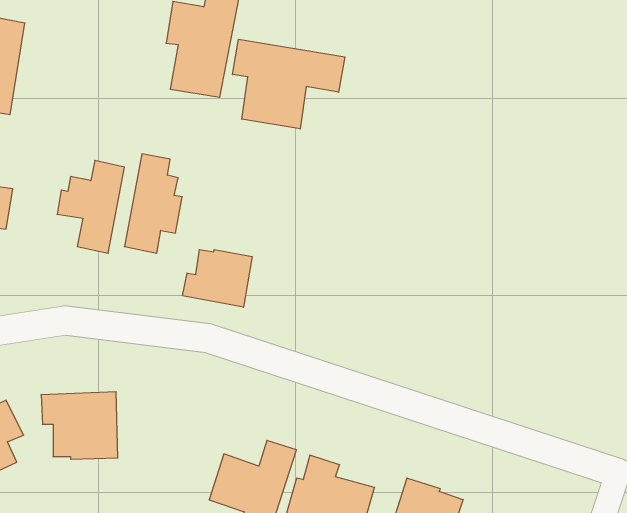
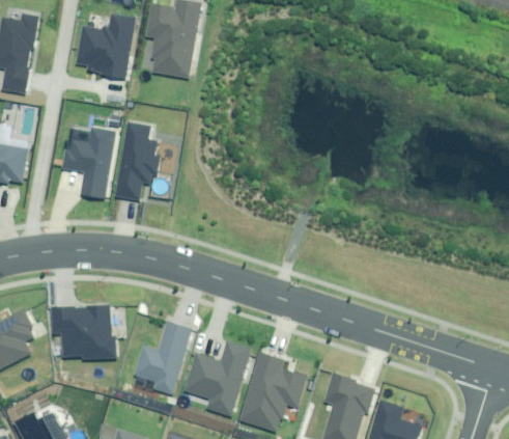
building: none -> [77,12,137,77]
building: [232,39,345,129] -> none
building: [183,250,252,307] -> none
building: none -> [133,322,192,393]

